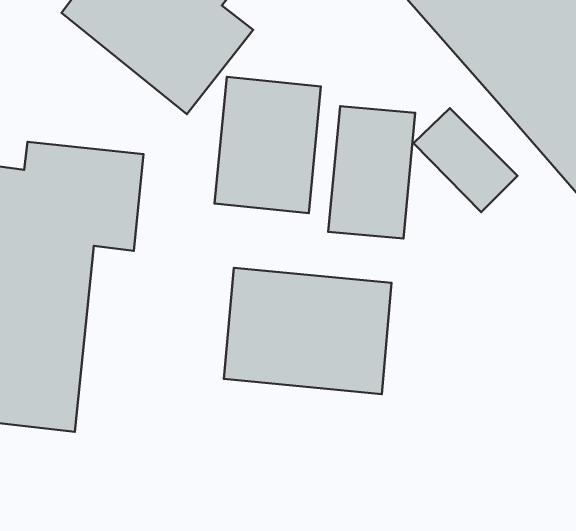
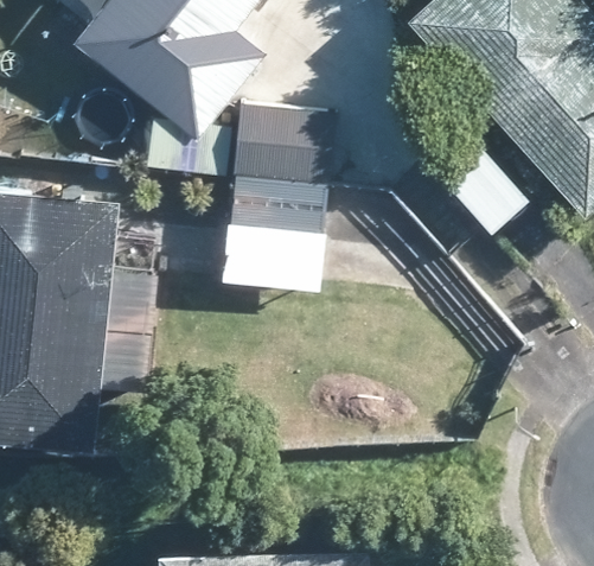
building: [328,106,415,238] -> none
building: [224,268,391,394] -> none

